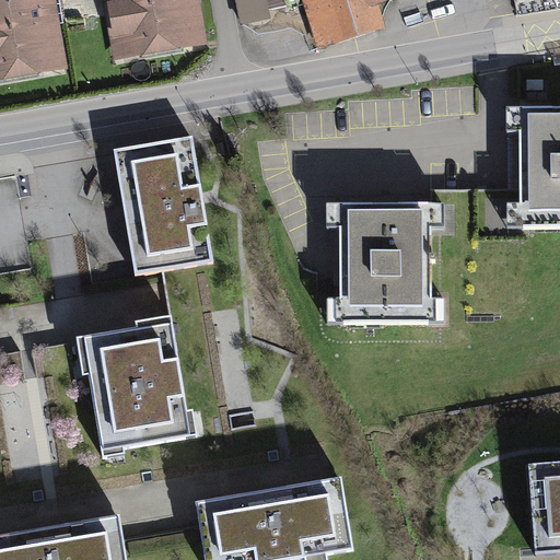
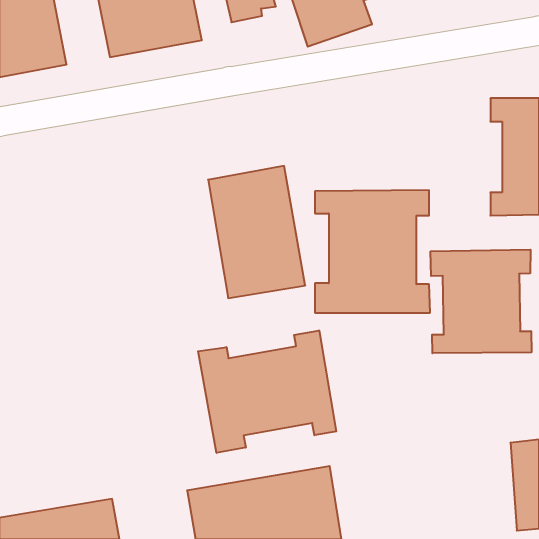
building: [114,141,214,278] -> [208,166,305,298]
building: none -> [431,250,531,353]
building: [77,330,197,459] -> none
building: none -> [198,330,336,453]

